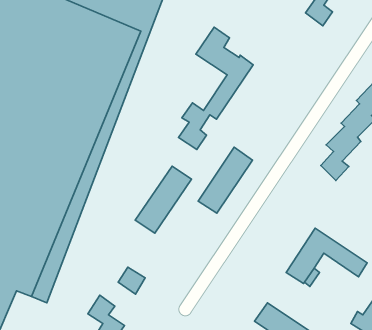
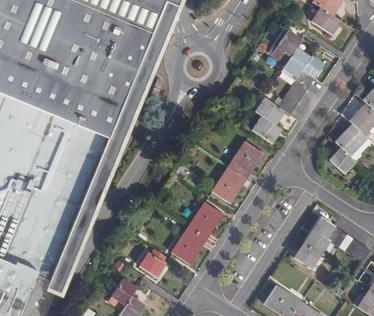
building: [178,27,253,149] -> [254,27,323,140]
building: [135,166,192,233] -> [170,202,222,264]

